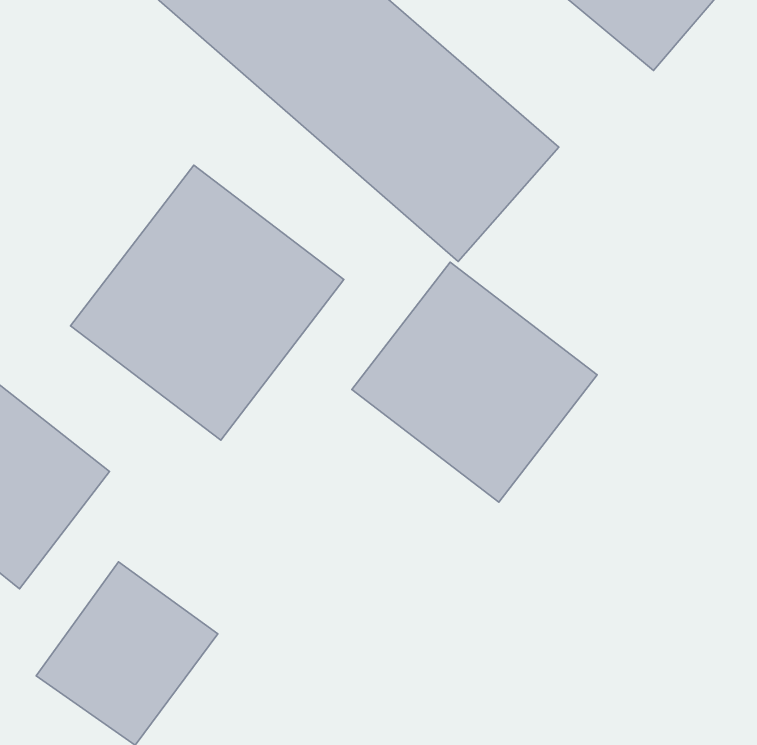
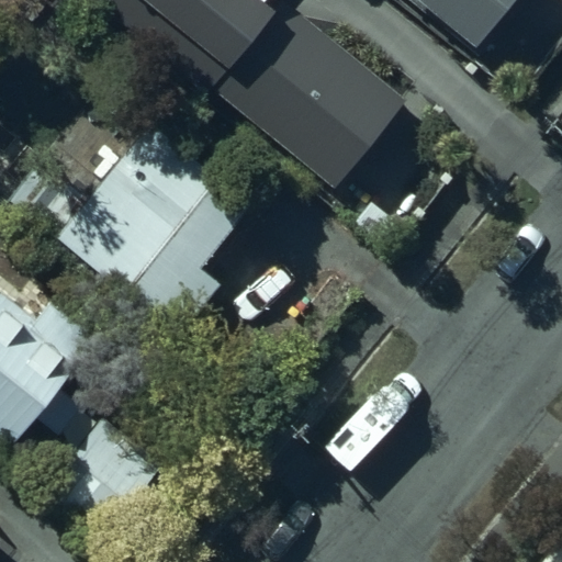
building: [352,262,597,502] -> none

